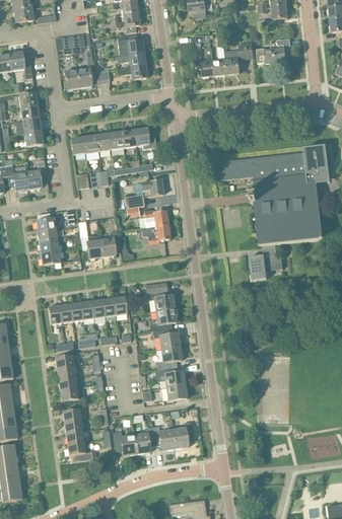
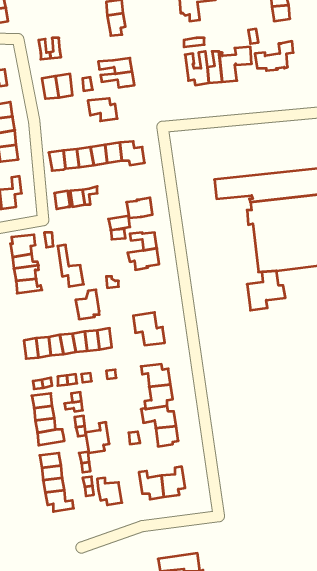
building: [117,34,143,55] -> [88,98,117,121]
building: [98,230,120,256] -> [76,290,99,319]
building: [148,309,177,330] -> none
building: [133,426,154,453] -> [86,422,109,453]

